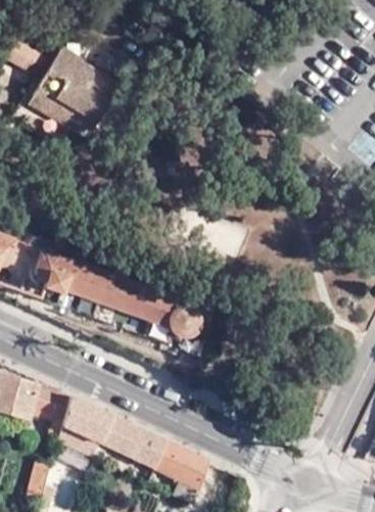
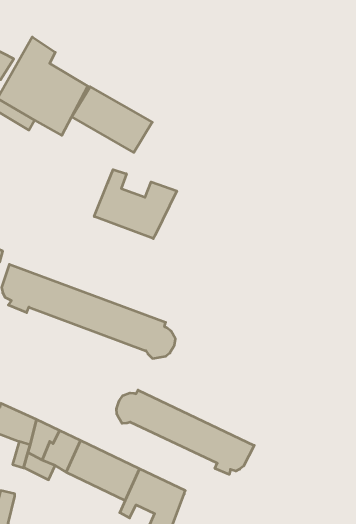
building: none -> [72,87,152,152]
building: none -> [94,170,177,239]
building: none -> [117,390,254,474]

